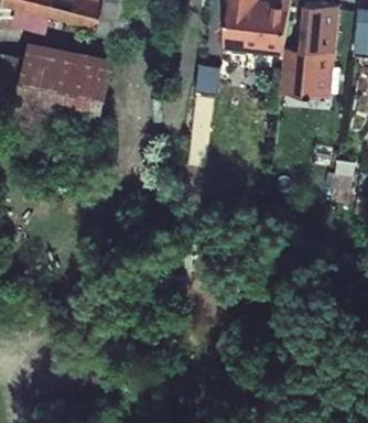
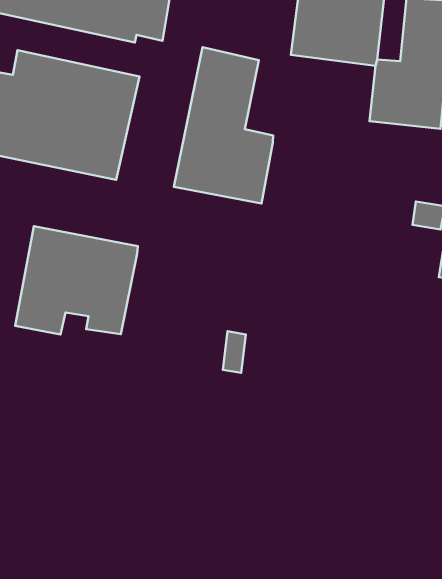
building: none -> [174,47,273,204]
building: none -> [15,226,138,334]

